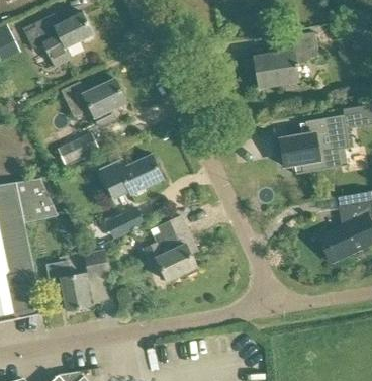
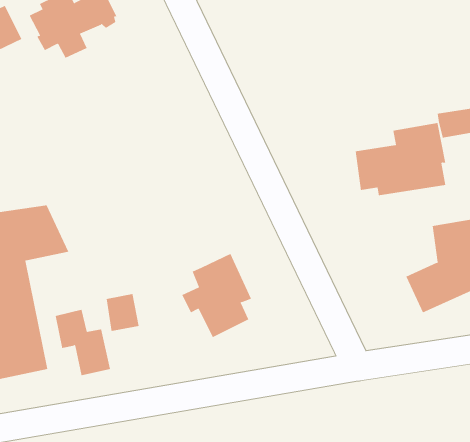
building: [253,29,318,85] -> none
building: [61,79,126,126] -> none
building: [64,132,97,160] -> none
building: [99,155,162,199] -> none
building: [106,208,146,241] -> none

